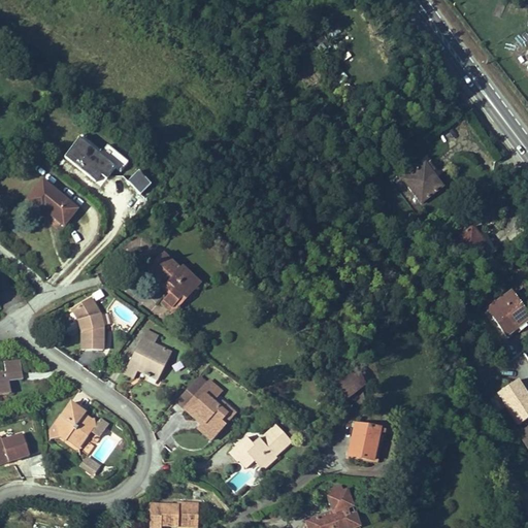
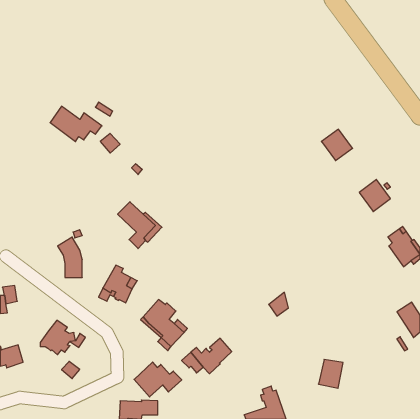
building: [27,180,77,224] -> none
building: [349,423,380,459] -> [318,359,343,388]
building: none -> [134,362,182,397]

